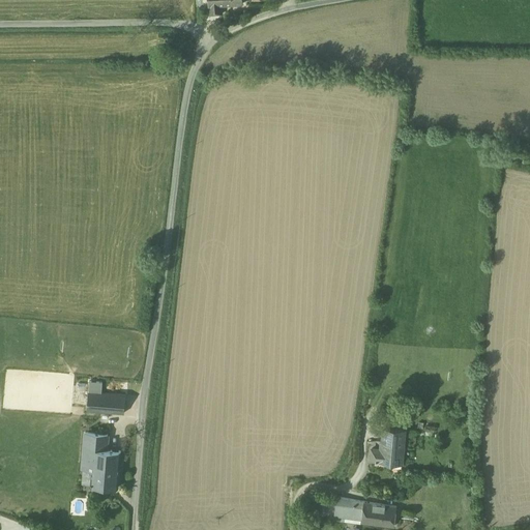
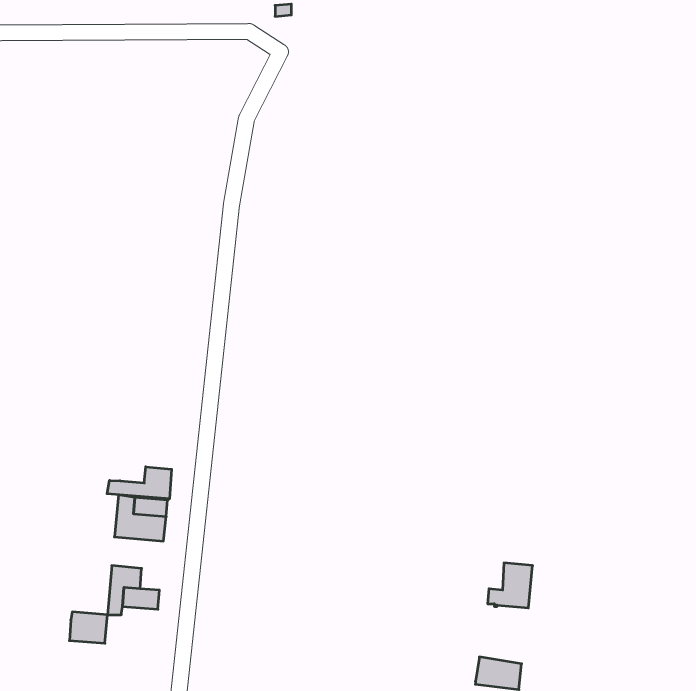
building: none -> [107,467,172,499]
building: [91,465,120,489] -> [69,612,108,643]
building: [334,500,364,522] -> none

